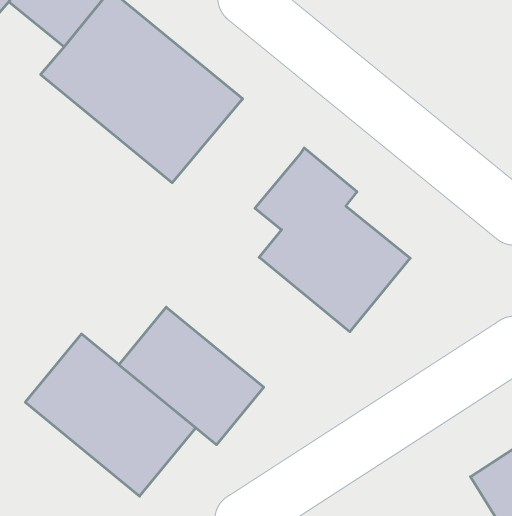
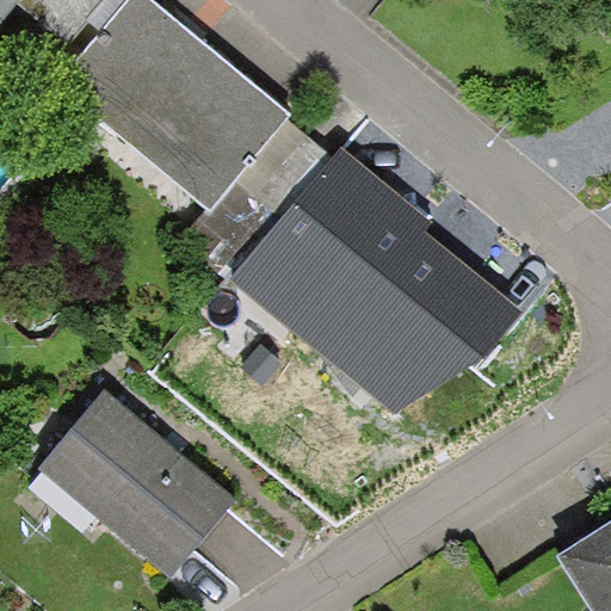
building: none -> [186,119,362,303]
building: [119,307,264,445] -> none

